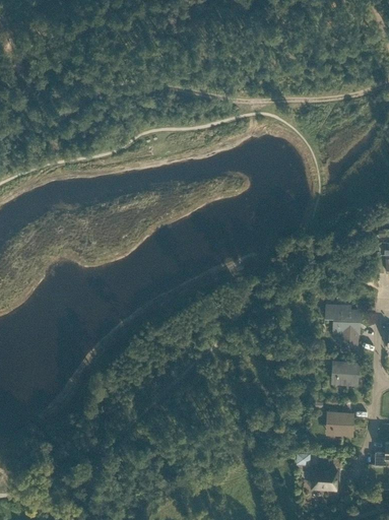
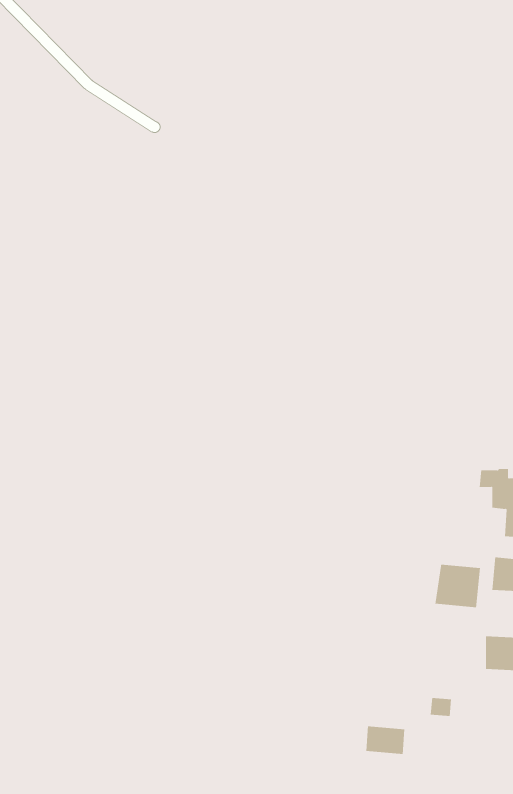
building: none -> [435,564,480,608]
building: [312,469,337,488] -> [366,726,405,754]

